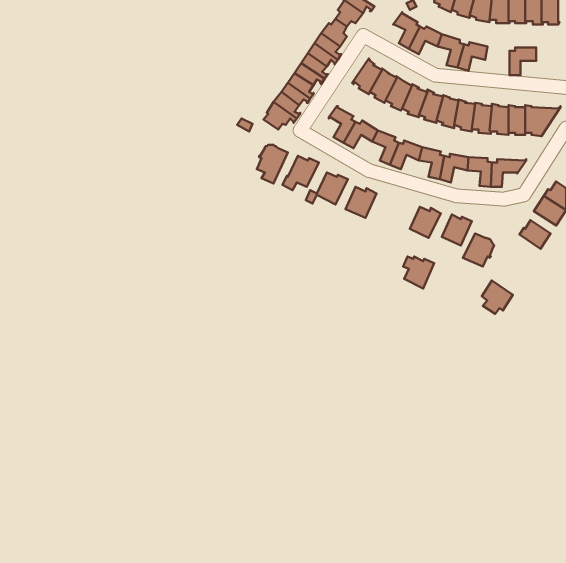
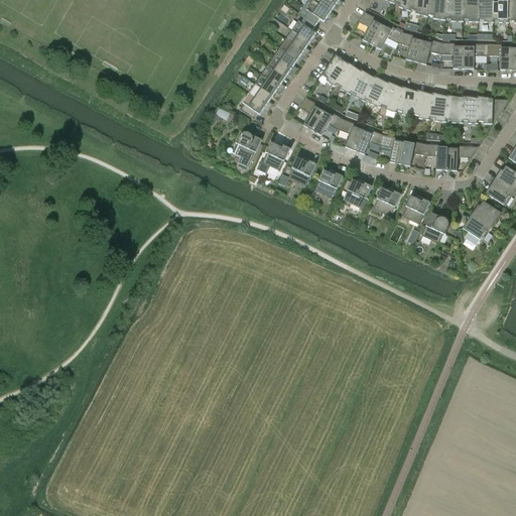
building: none -> [441,42,464,69]
building: none -> [488,43,511,70]
building: [403,257,434,289] -> [343,179,371,209]
building: [482,281,513,314] -> [464,214,492,244]

